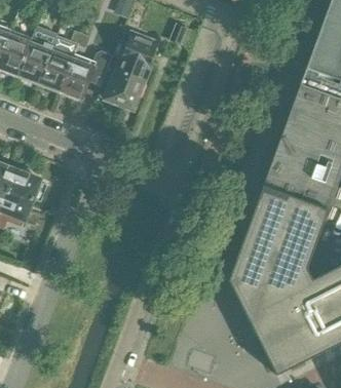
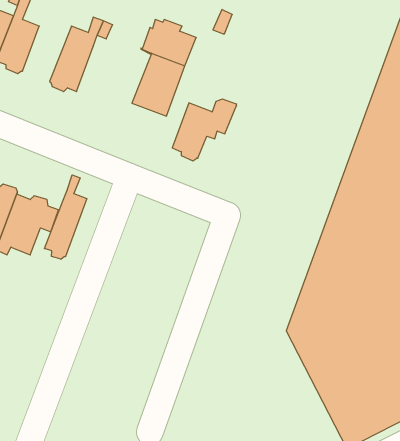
building: [18,26,59,81] -> none
building: [62,50,113,100] -> [172,99,237,161]
building: none -> [44,175,87,259]

